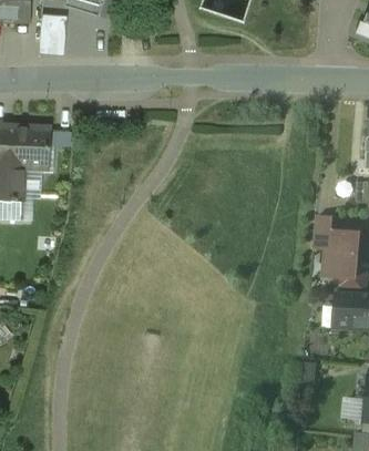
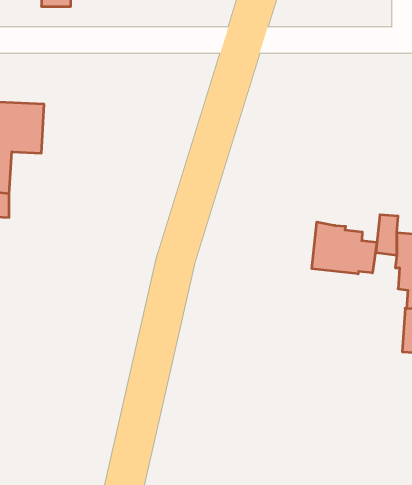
building: none -> [312,222,377,274]

